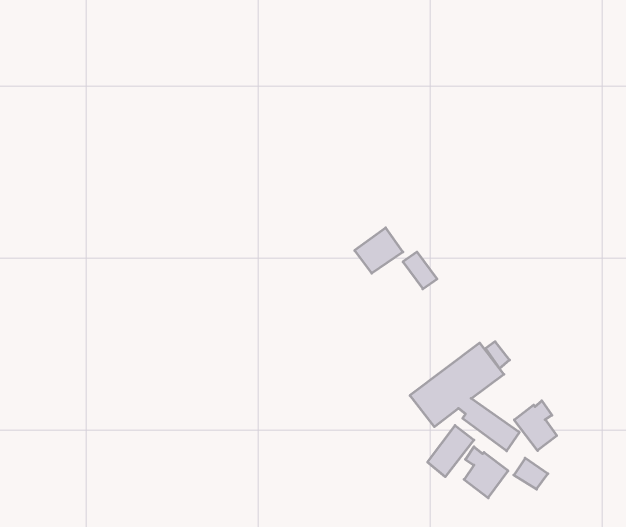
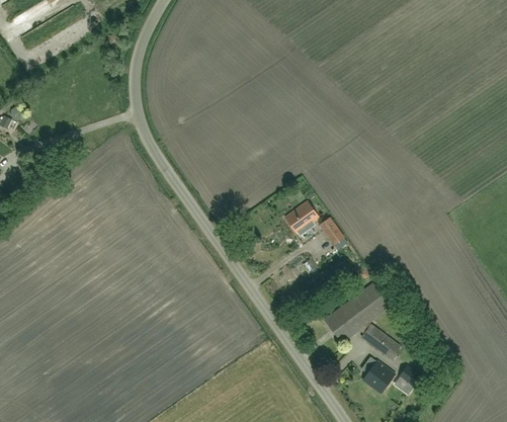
building: [514,401,557,451] -> none
building: [428,425,474,477] -> none

